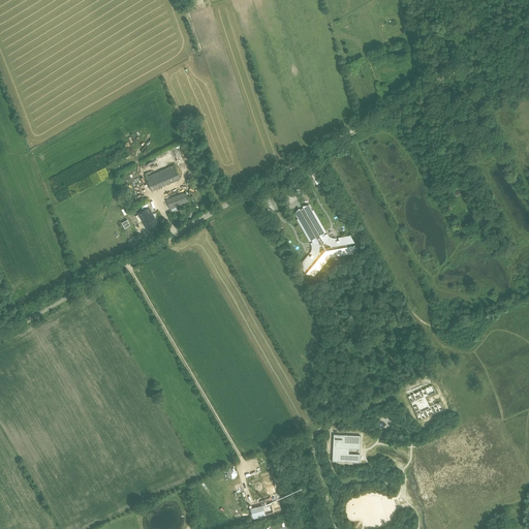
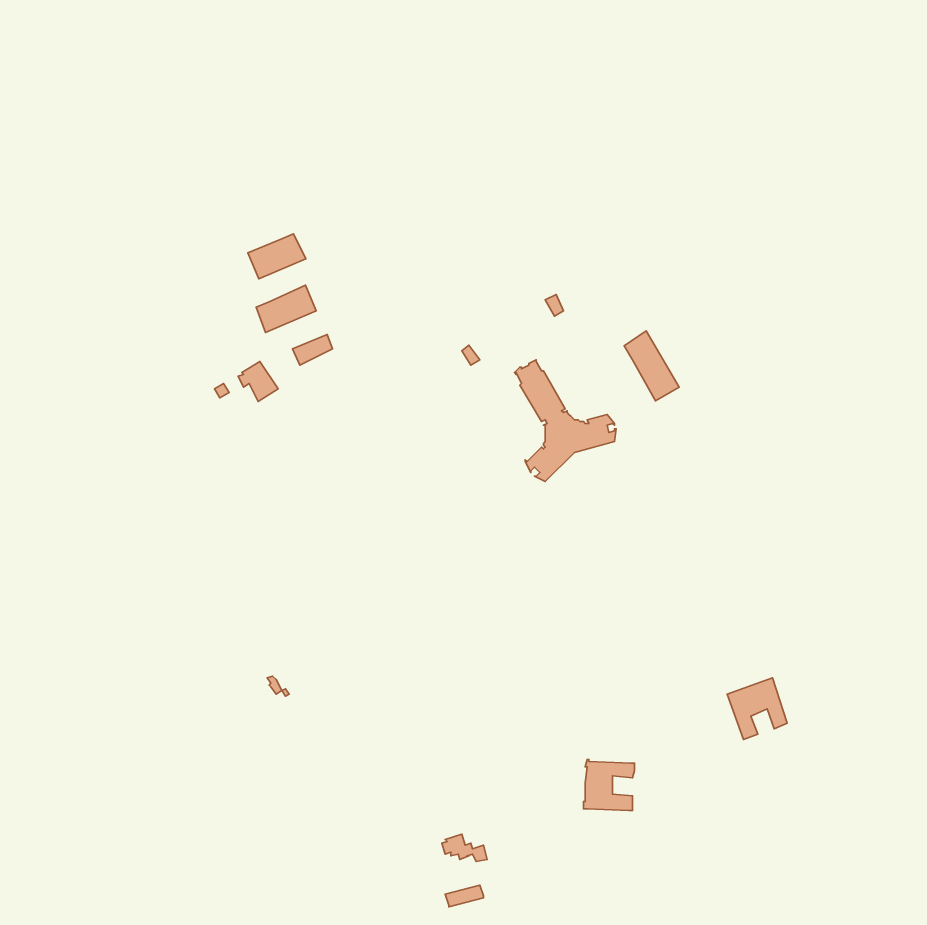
building: none -> [248,234,306,279]
building: none -> [624,331,679,401]

